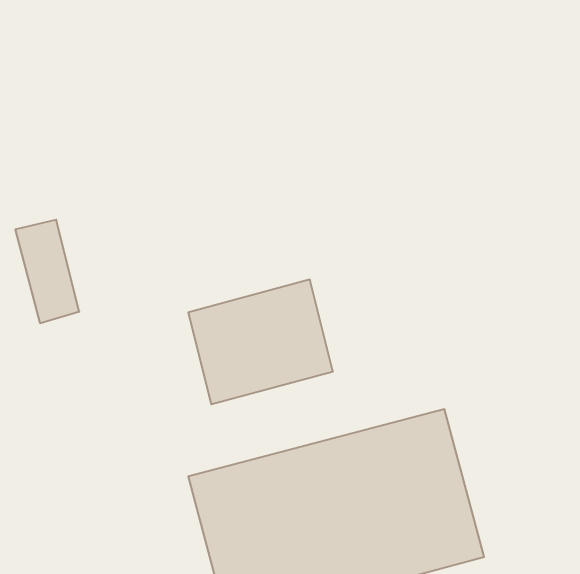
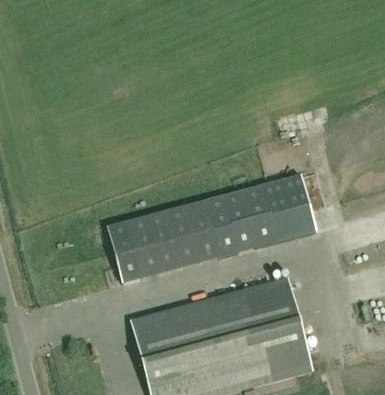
building: [15,220,79,323] -> [107,220,146,283]
building: none -> [206,175,317,256]

